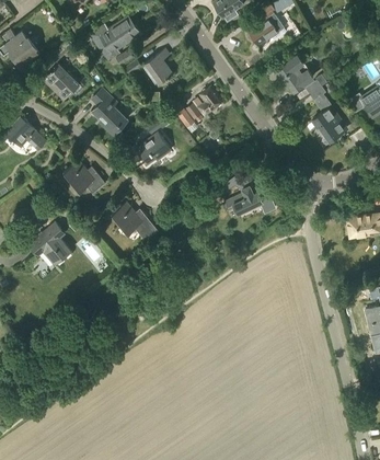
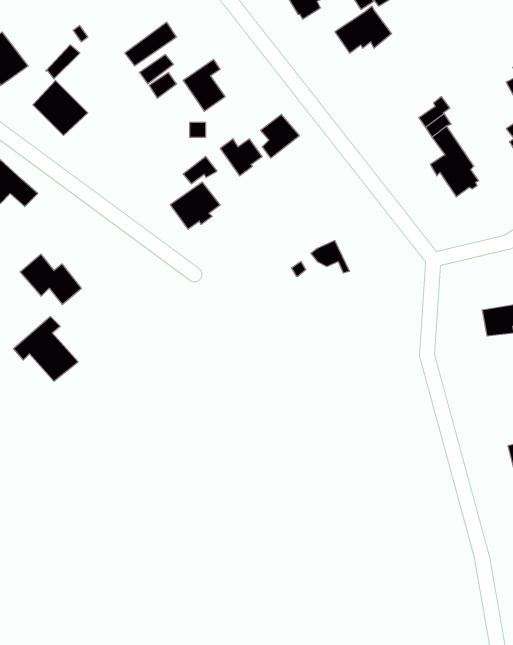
building: [87,15,134,59] -> none
building: [276,56,312,92] -> none
building: [92,89,127,135] -> none
building: [64,160,105,194] -> [20,254,81,304]
building: [224,186,273,215] -> none
building: [112,203,152,234] -> none

